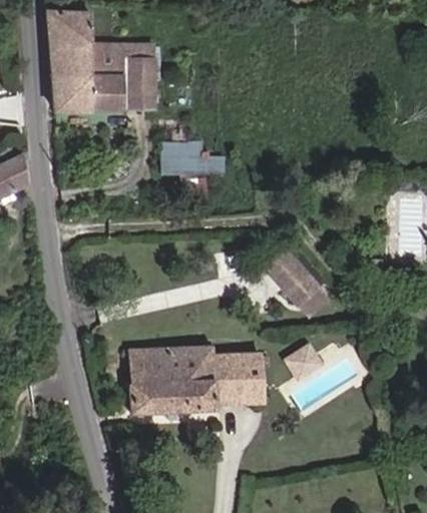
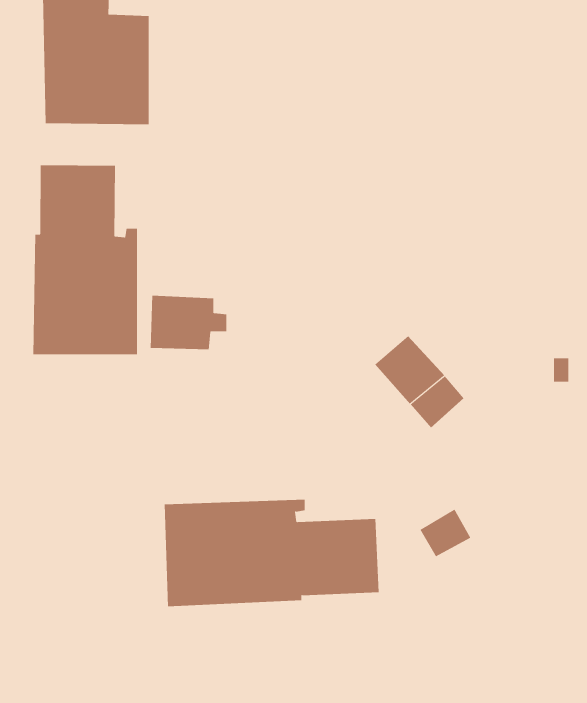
building: [120,41,153,112] -> none
building: none -> [33,164,137,355]
building: [157,139,205,173] -> [150,295,227,350]

